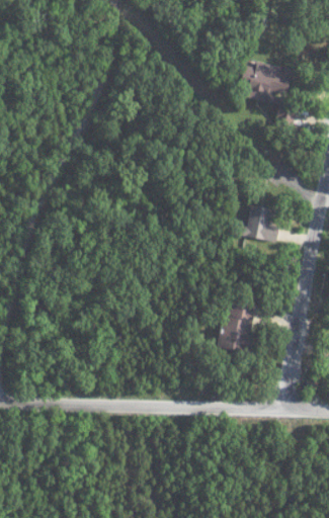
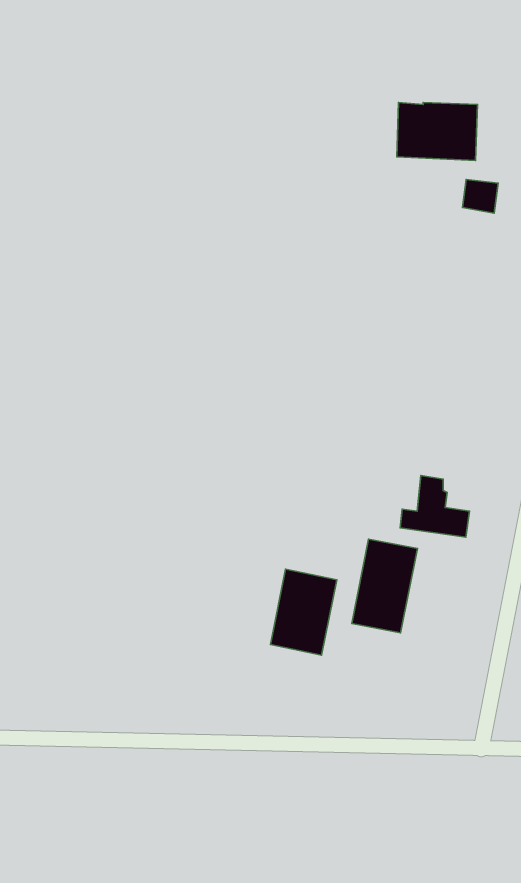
building: [244,207,281,241] -> [400,475,470,537]
building: none -> [271,569,337,655]

